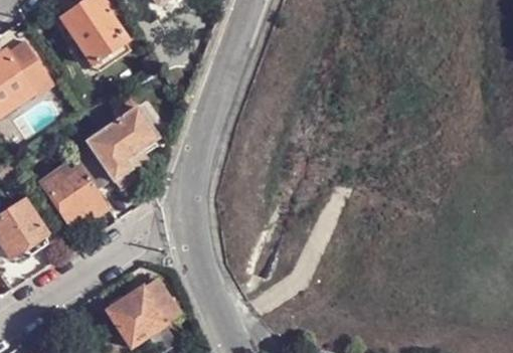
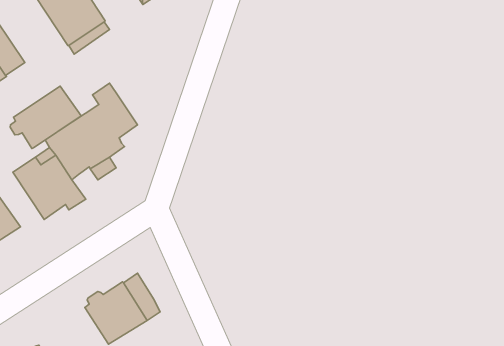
building: none -> [10,86,81,149]

